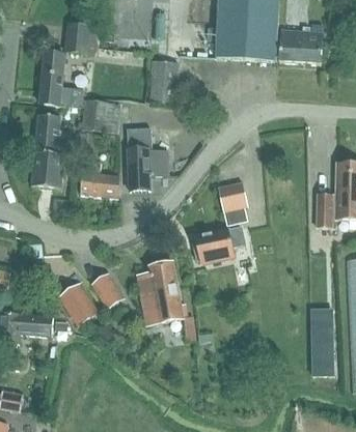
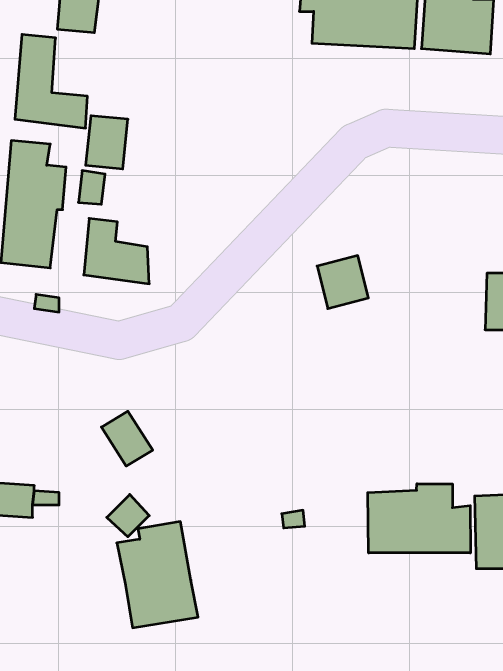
building: [149,59,177,103] -> none
building: [128,126,167,191] -> none
building: [192,226,245,263] -> none
building: [137,262,185,324] -> [117,522,198,628]
building: [61,284,99,324] -> none
building: none -> [368,484,470,553]

